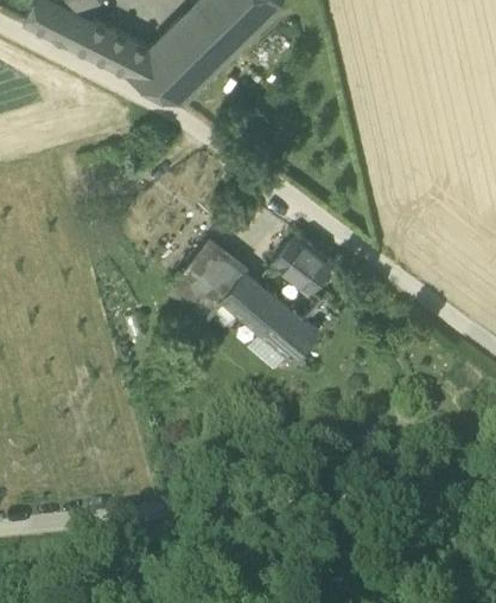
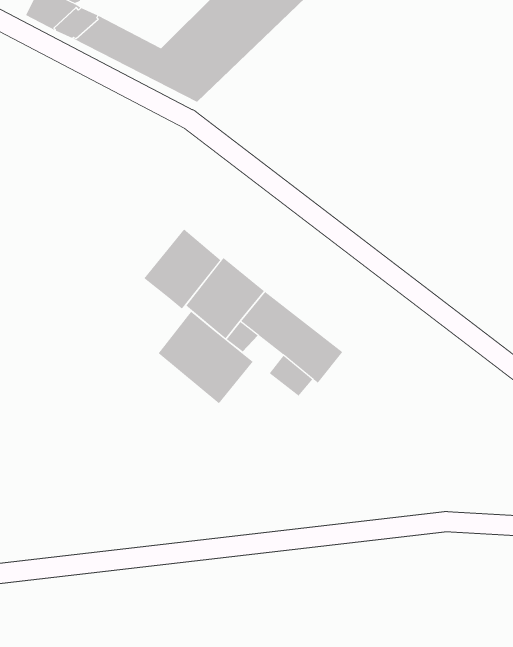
building: none -> [144,228,221,310]
building: [272,233,335,294] -> none
building: none -> [158,311,253,404]

